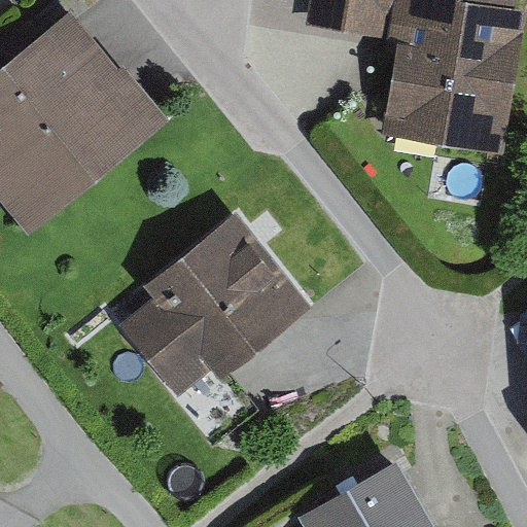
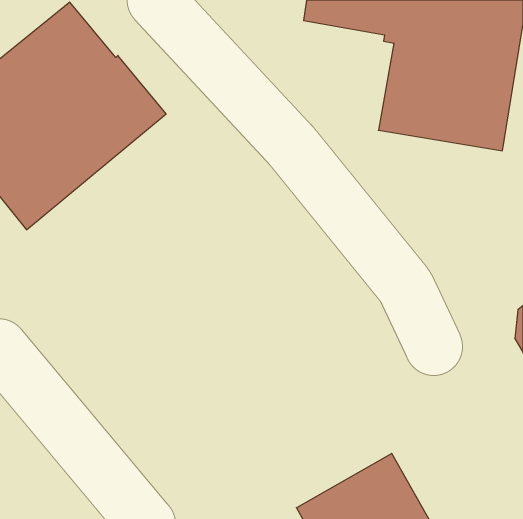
building: [119,210,312,397] -> none

